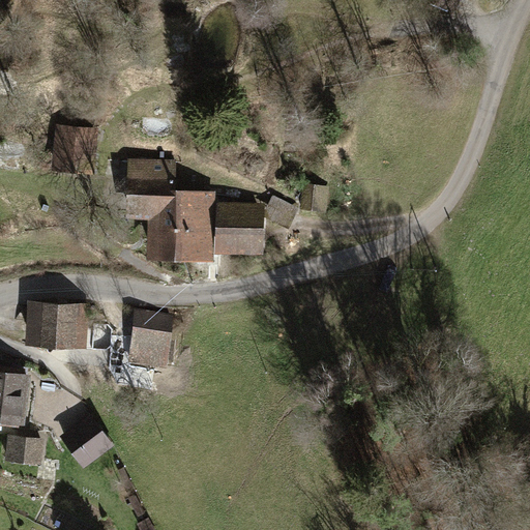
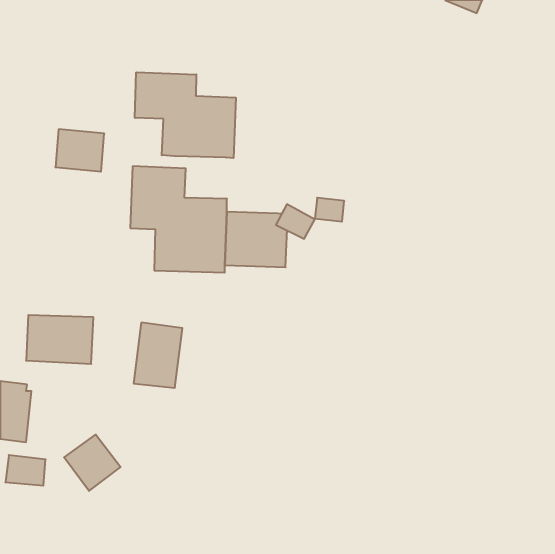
building: none -> [135,72,236,158]

